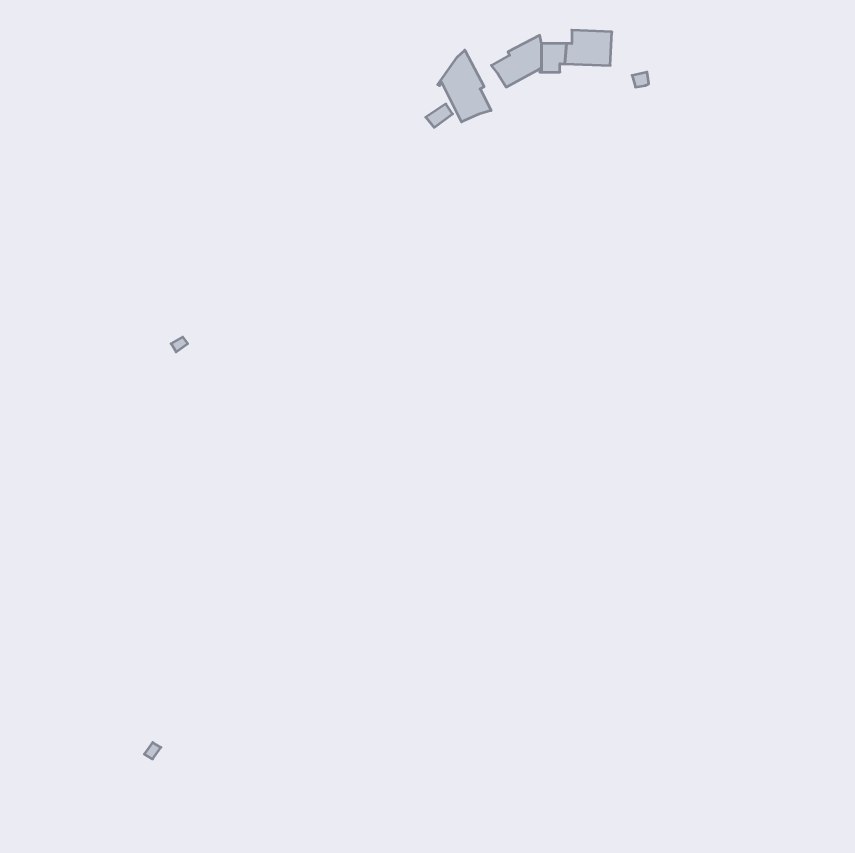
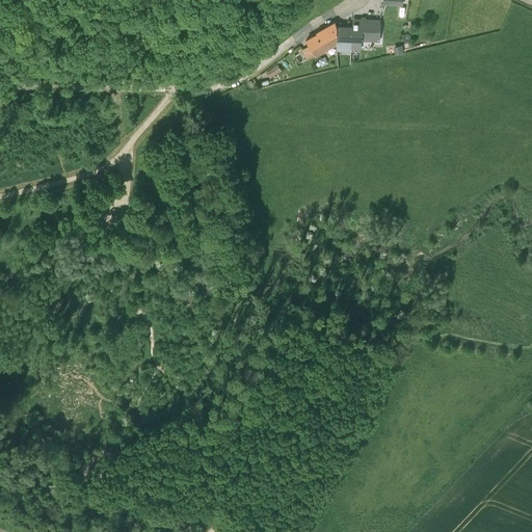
building: [438,50,491,122] -> none

